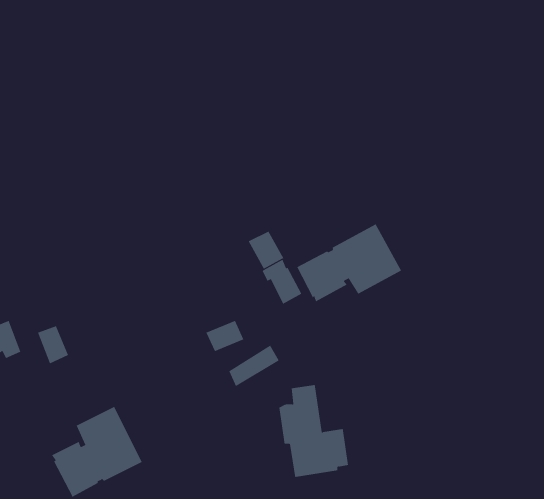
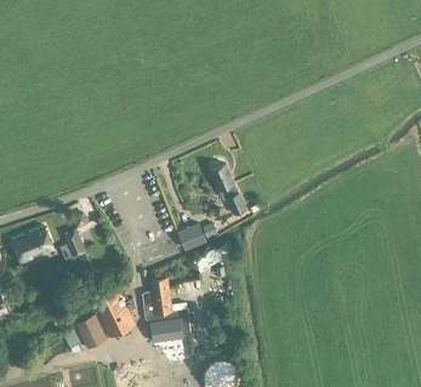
building: [296,223,402,302] -> none
building: [279,385,349,478] -> [141,279,189,343]

